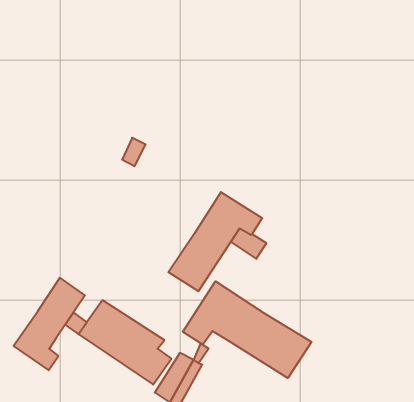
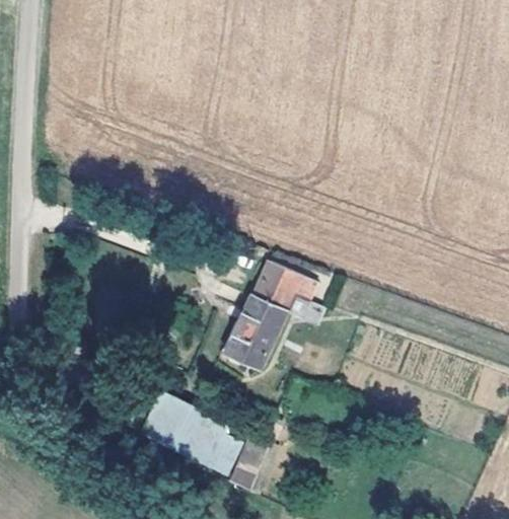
building: [14,278,85,370] -> none
building: [183,281,311,378] -> none

